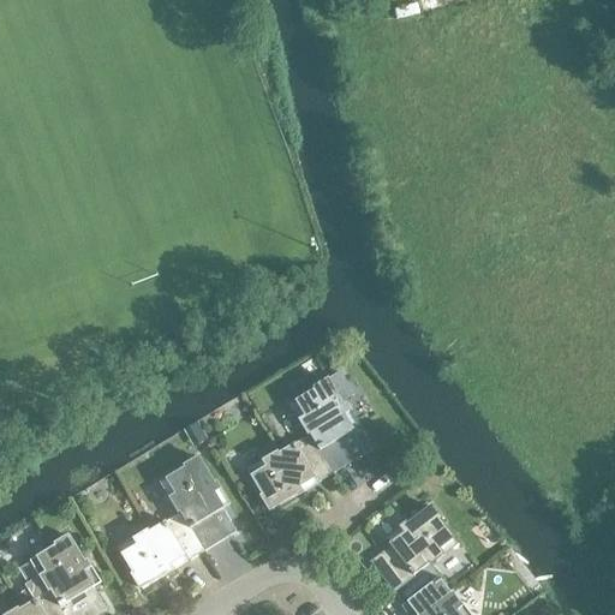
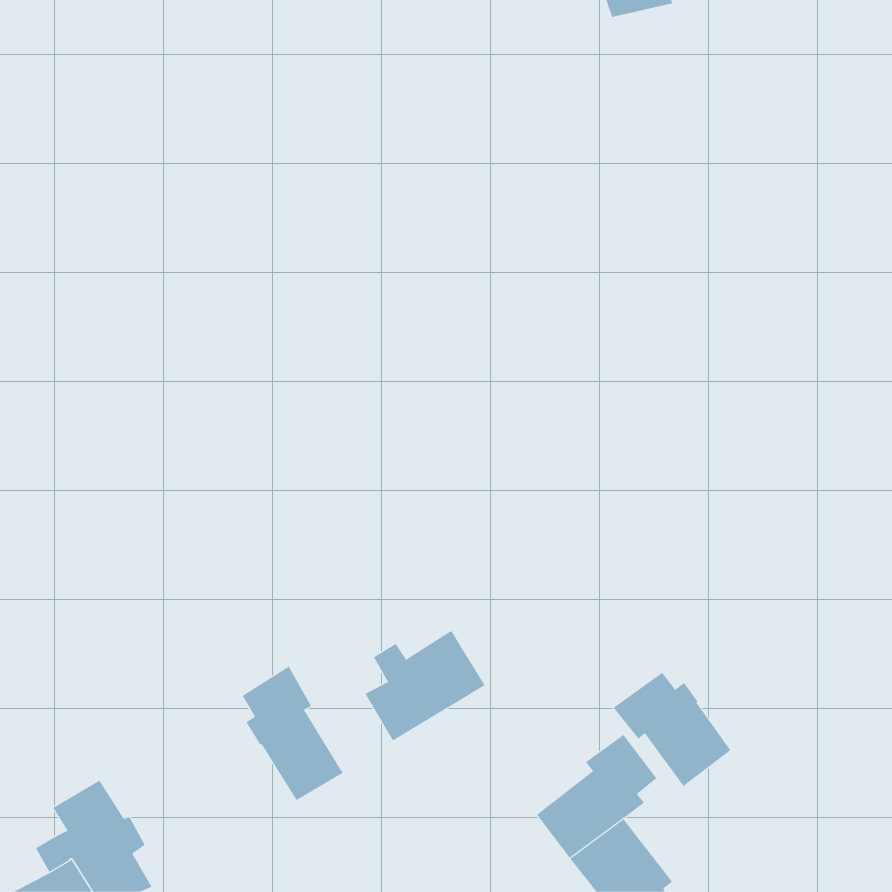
building: [295,369,365,470] -> none
building: none -> [613,672,731,787]
building: [120,510,203,587] -> none

